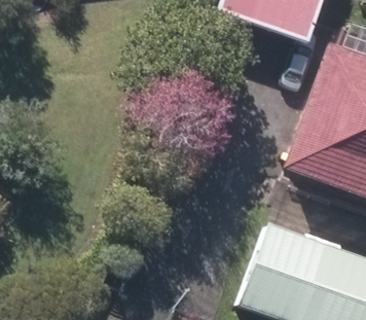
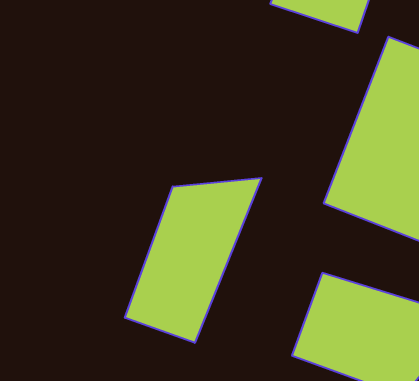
building: none -> [125,178,262,343]

